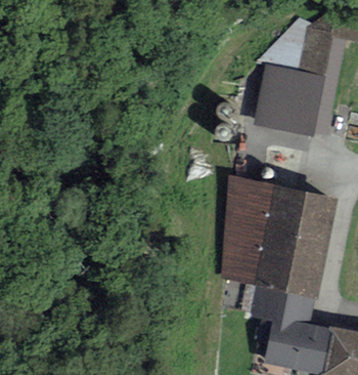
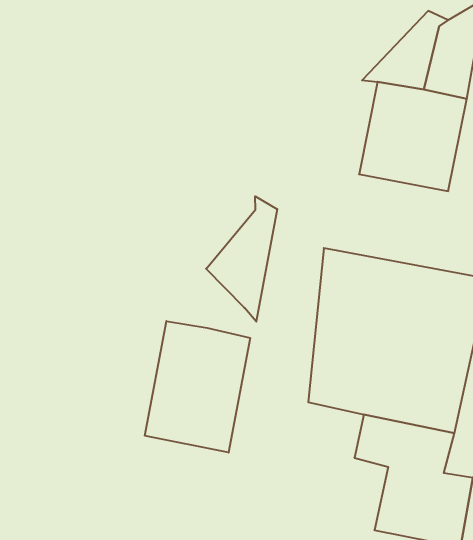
building: none -> [206,196,277,322]
building: none -> [145,321,250,453]

